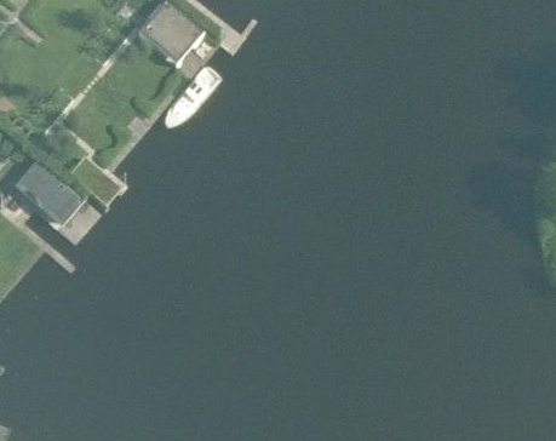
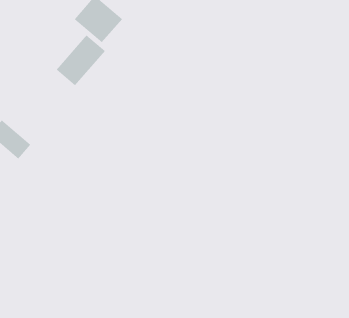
building: none -> [56,35,106,86]

